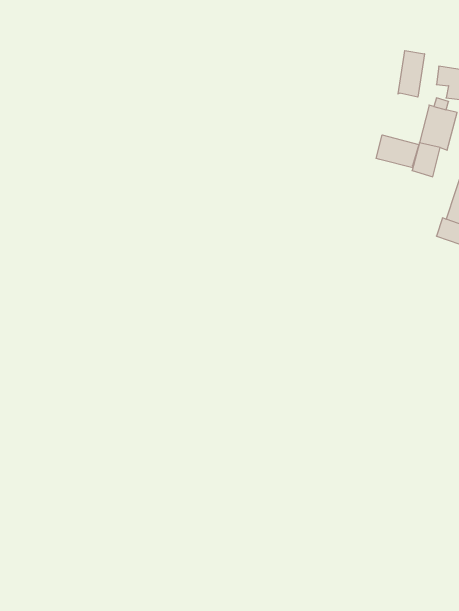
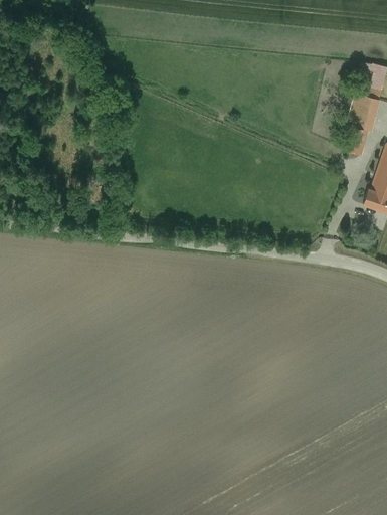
building: [398,51,424,97] -> none
building: [376,135,419,168] -> none

